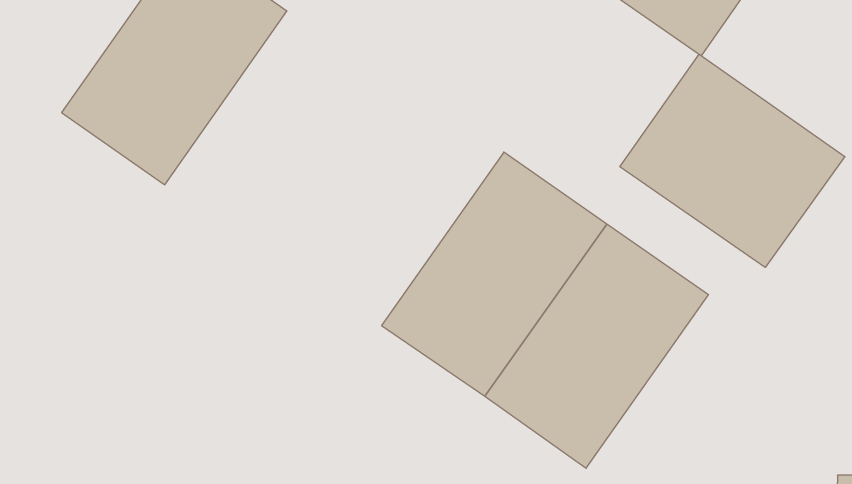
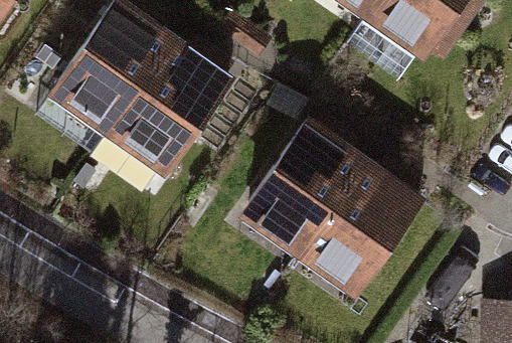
building: none -> [108,36,238,179]
building: [620,54,845,267] -> none

